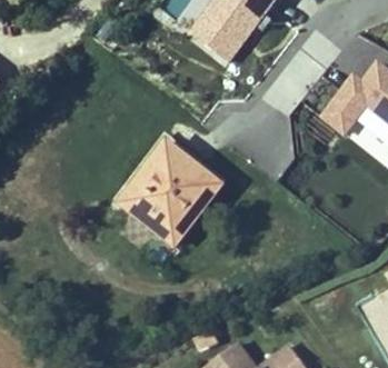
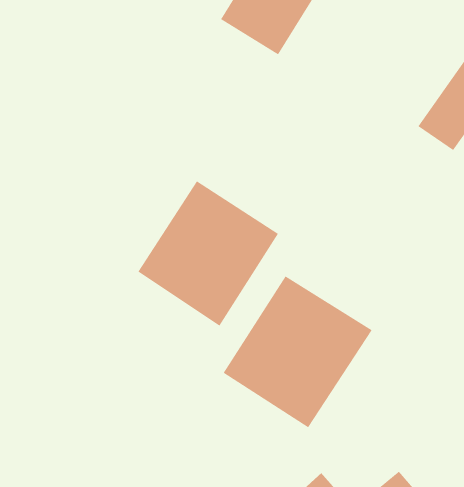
building: none -> [223,275,373,428]

